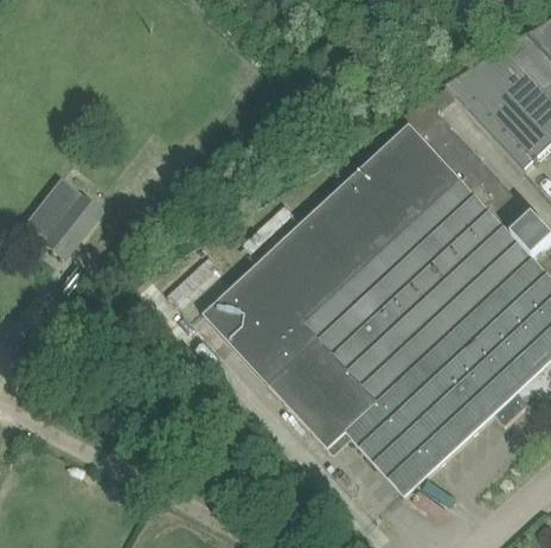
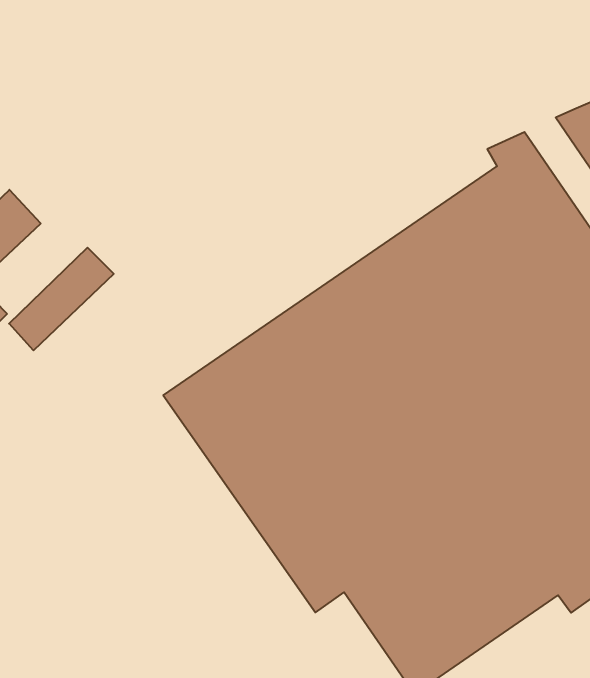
building: none -> [9,248,114,350]

